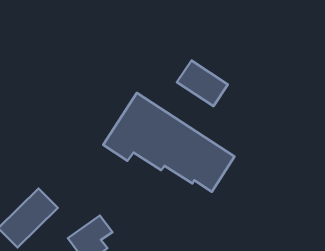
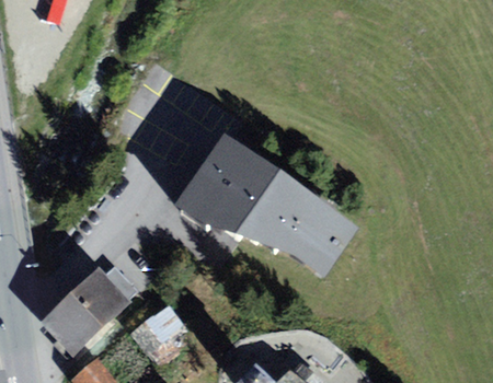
building: [177,61,228,106] -> none

